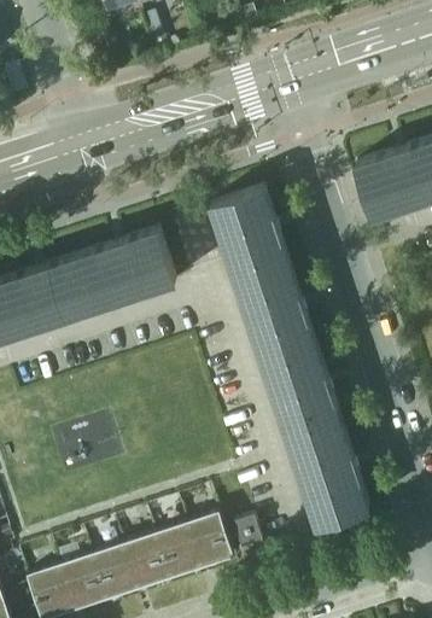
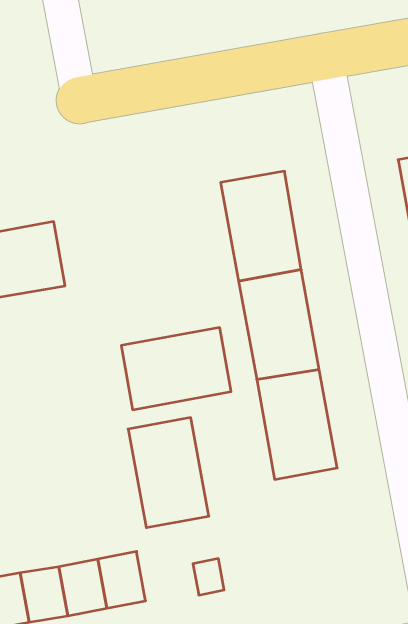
building: [78,233,175,311] -> [121,328,231,410]
building: [292,431,369,527] -> [128,418,209,528]
building: [186,514,232,564] -> none

